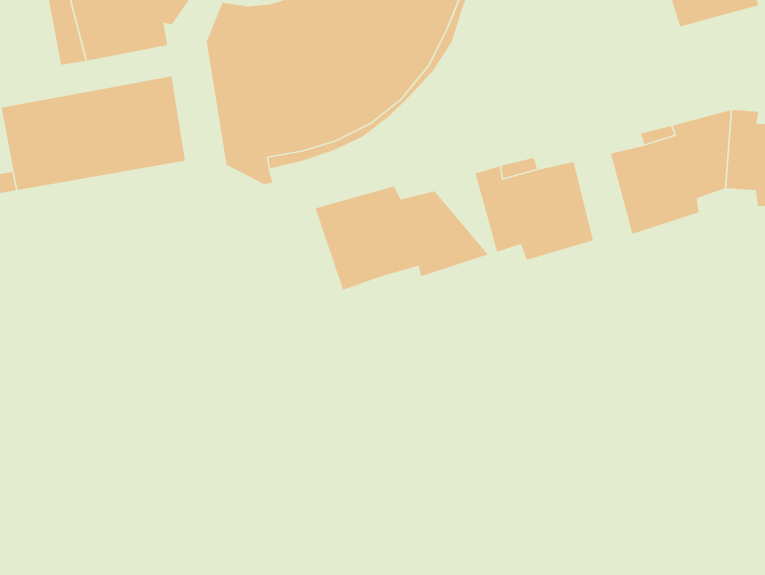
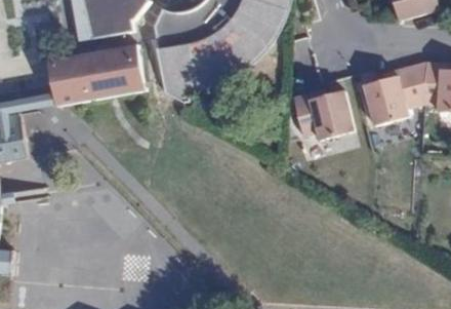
building: [314,186,489,291] -> none

